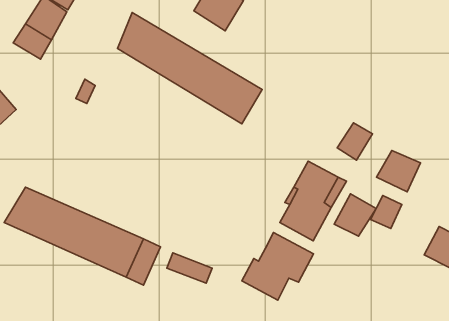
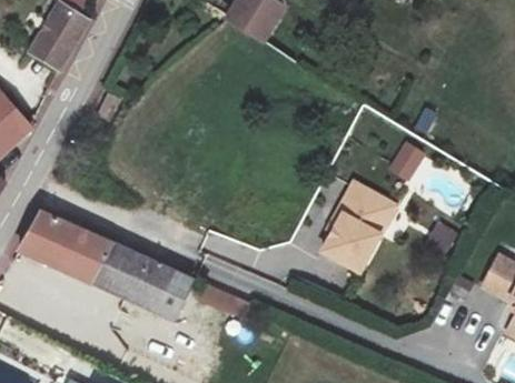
building: [117,13,262,124] -> none
building: [377,151,421,192] -> none
building: [334,194,376,236] -> none
building: [242,232,314,300] -> none

